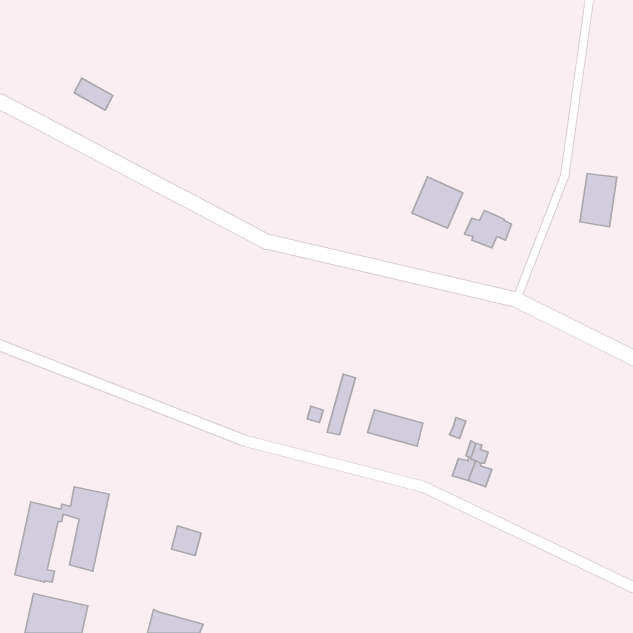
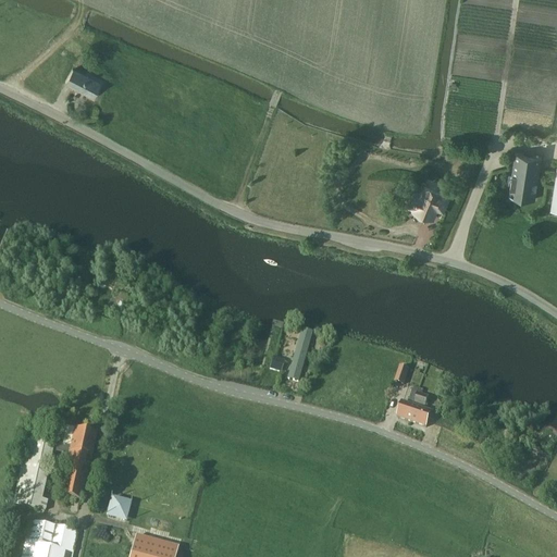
building: [412,177,463,228] -> none
building: [368,410,423,446] -> none
building: [171,526,201,555] -> [107,495,133,521]

